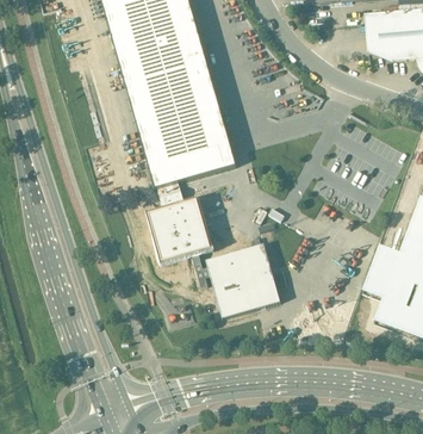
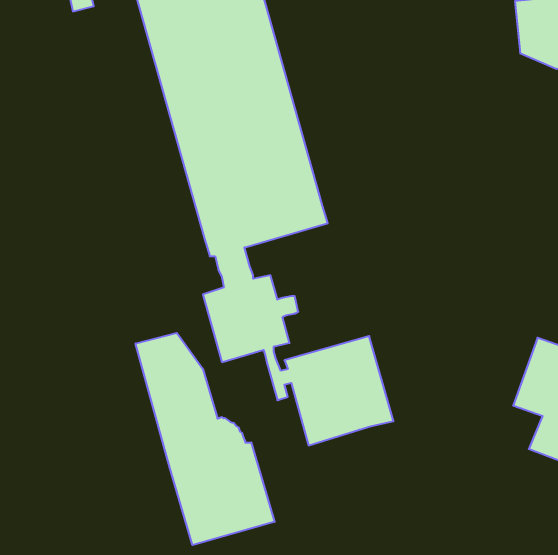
building: none -> [136,333,275,545]

